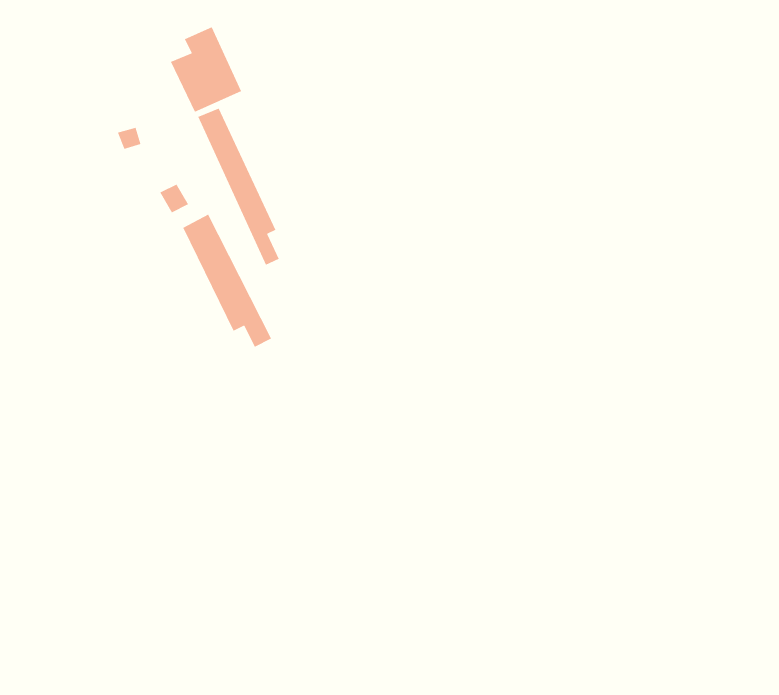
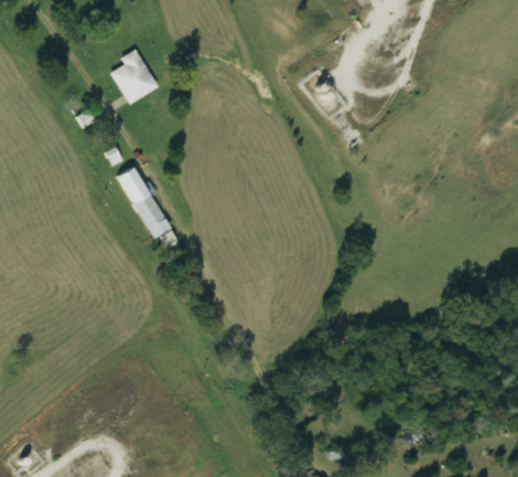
building: [197,107,280,266] -> none

